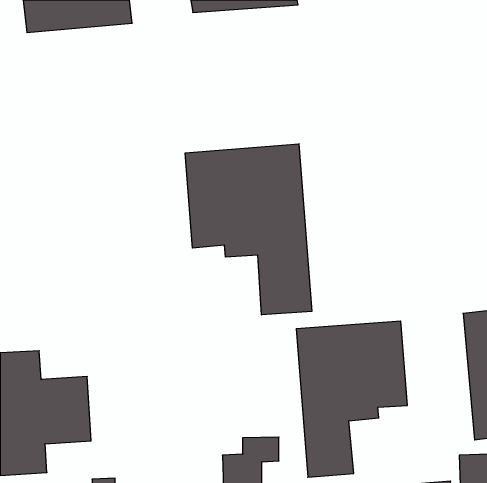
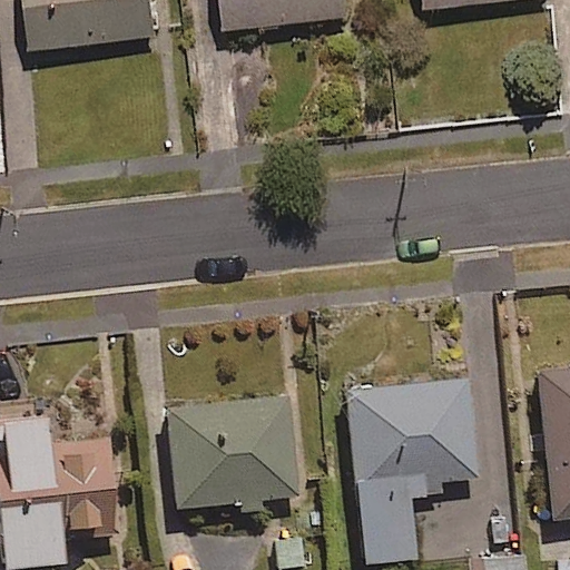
building: [185,144,312,315] -> none
building: none -> [167,399,297,529]

